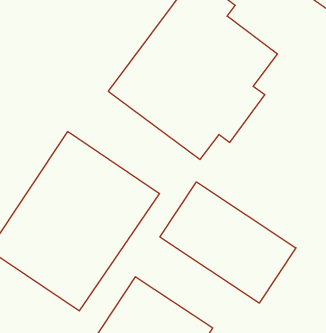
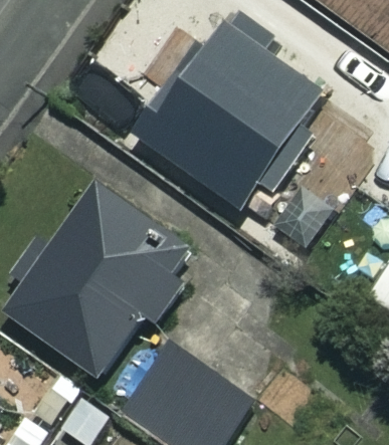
building: [160,182,296,303] -> none

